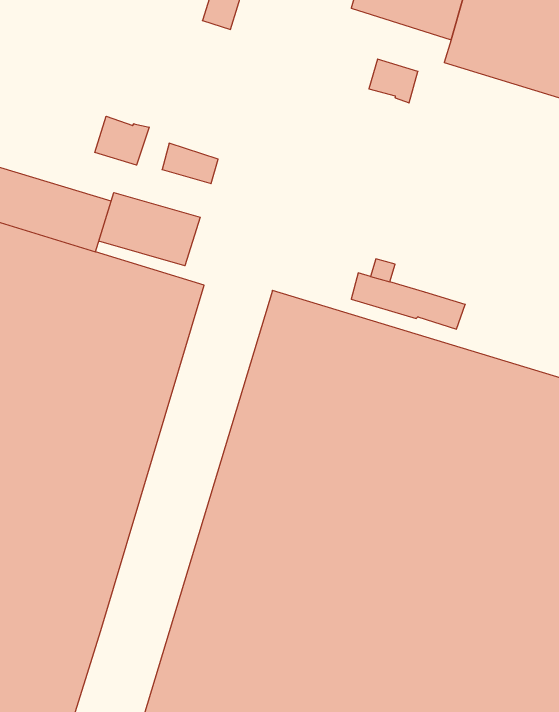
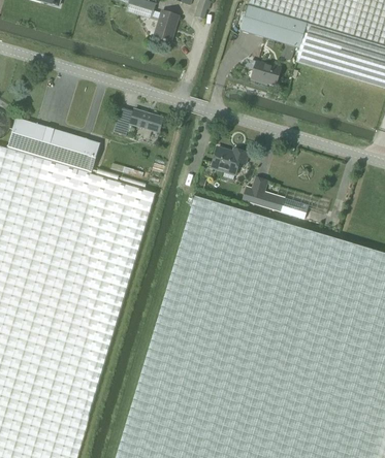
building: [95,116,149,165] -> none
building: [99,193,200,266] -> none
building: none -> [205,148,249,173]

